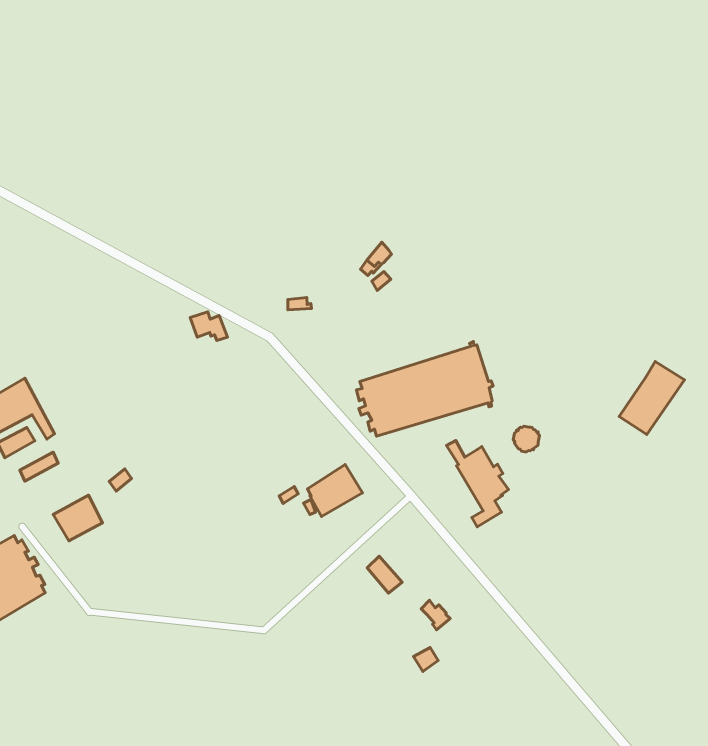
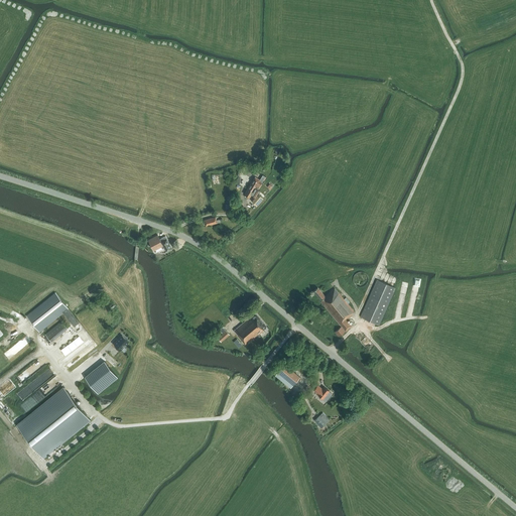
building: [356,341,493,436] -> none
building: [619,362,684,435] -> [360,281,395,326]

